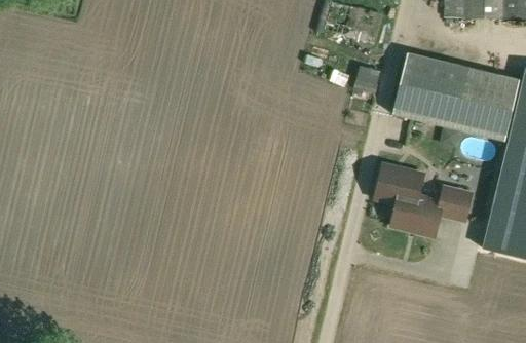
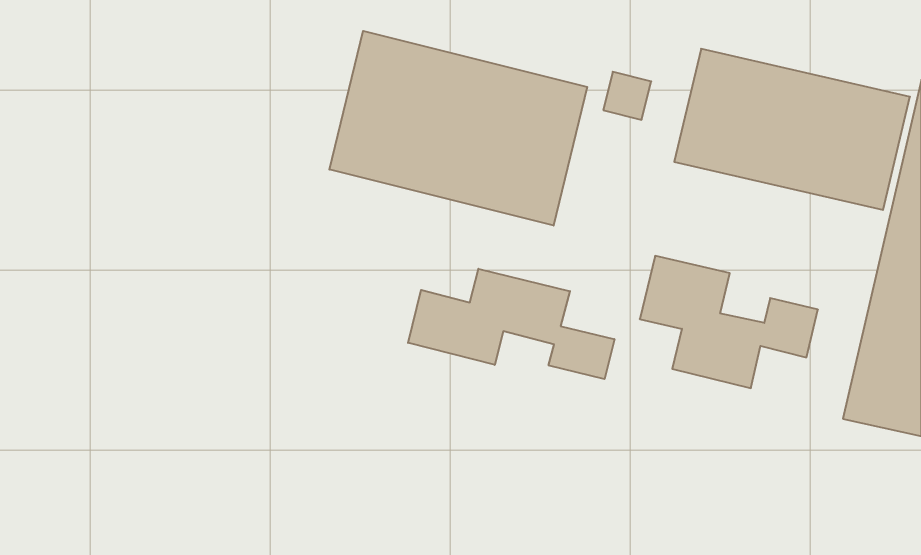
building: none -> [329,31,587,226]
building: none -> [408,269,614,379]

